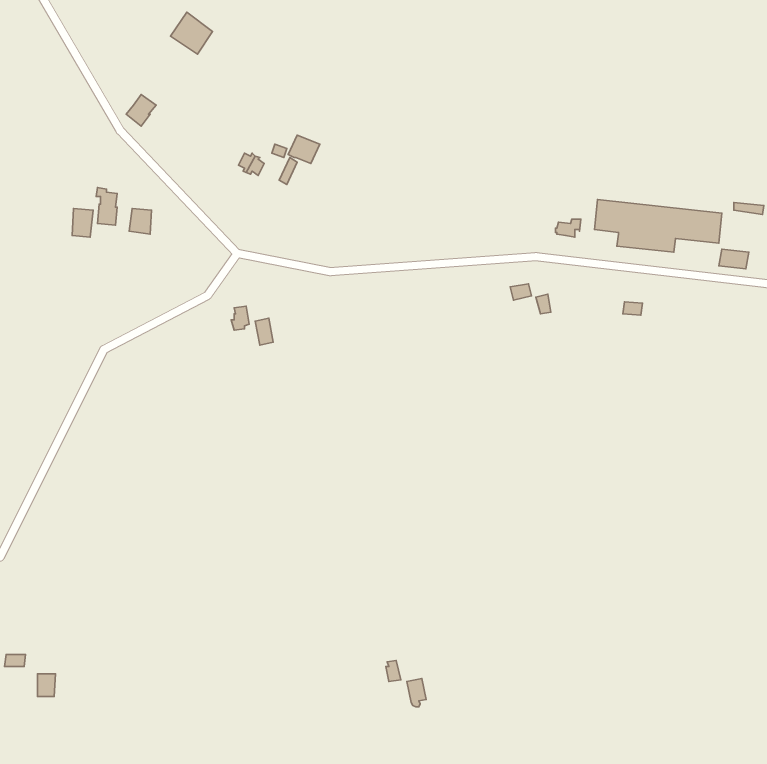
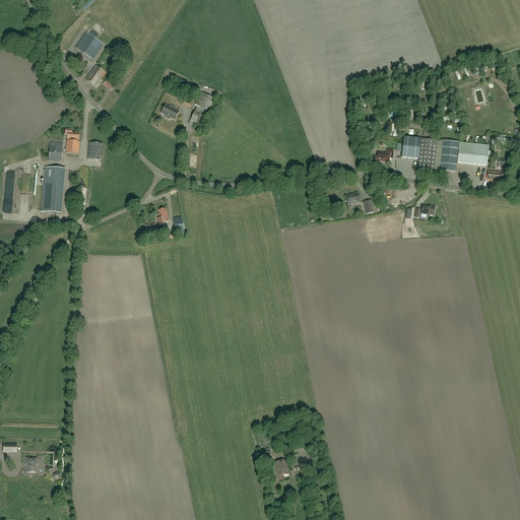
building: [170,12,212,54] -> [75,30,104,59]
building: none -> [42,166,65,212]

